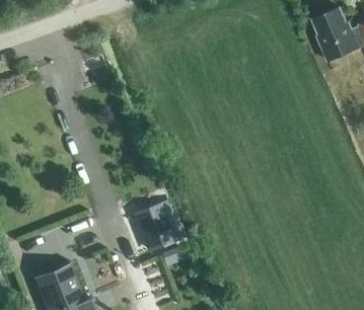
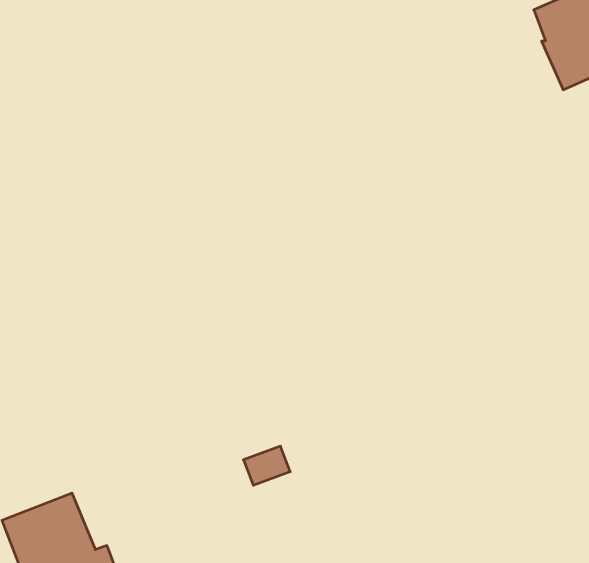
building: [136,201,181,251] -> none

